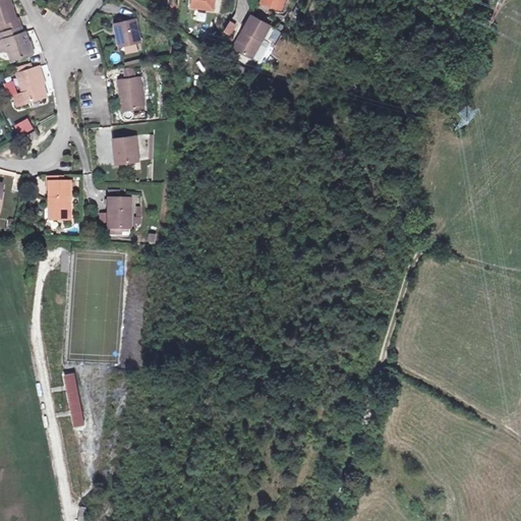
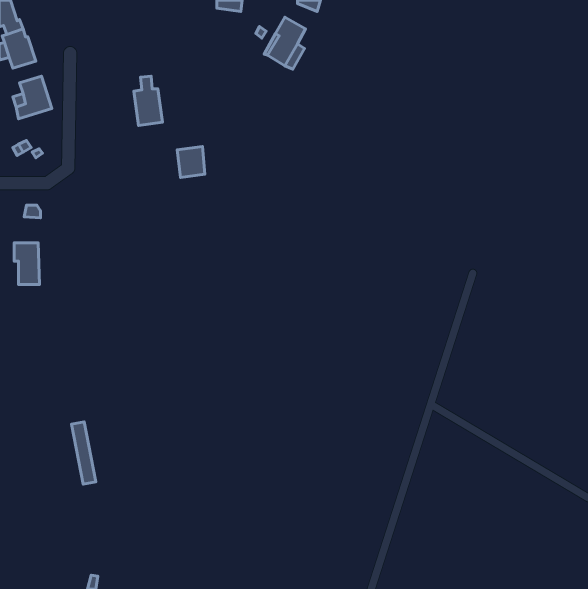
building: [114,19,139,46] -> none
building: [113,136,137,164] -> [177,146,205,178]
building: [48,182,70,219] -> [14,243,39,284]
building: [107,198,130,228] -> none

